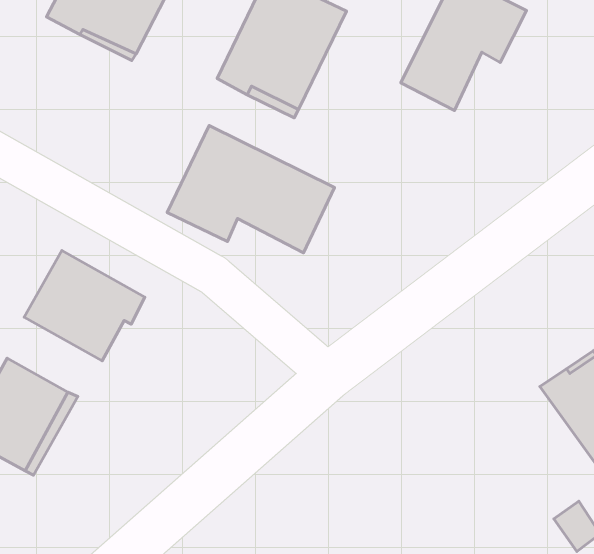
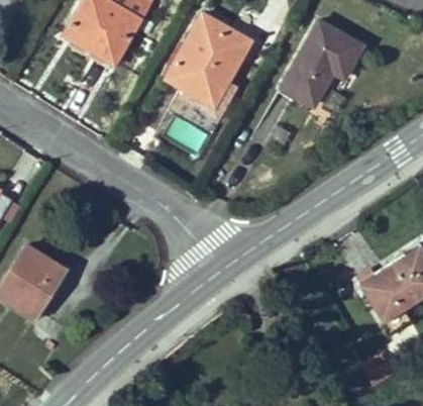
building: [167,126,334,253] -> none
building: [24,251,145,361] -> none

